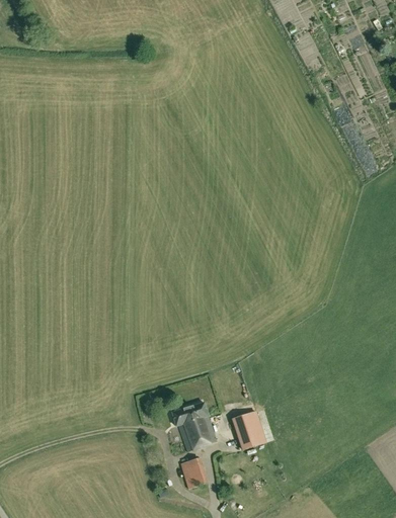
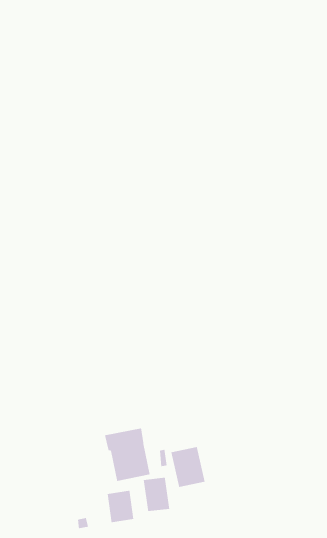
building: none -> [143,477,170,512]

